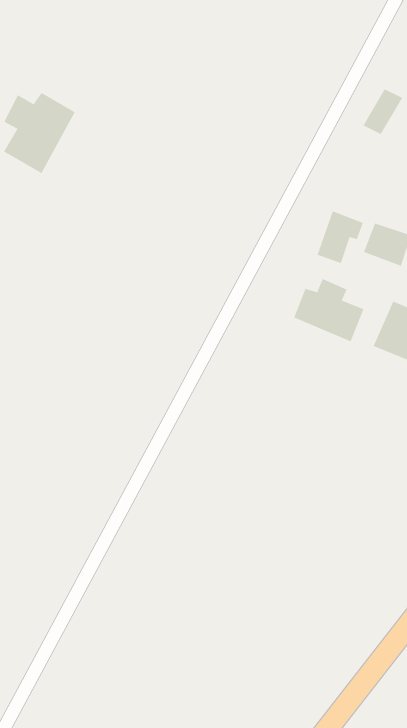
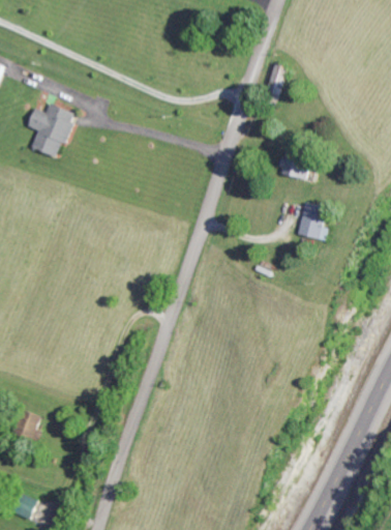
building: [317,211,363,264] -> none
building: [294,278,364,342] -> none

